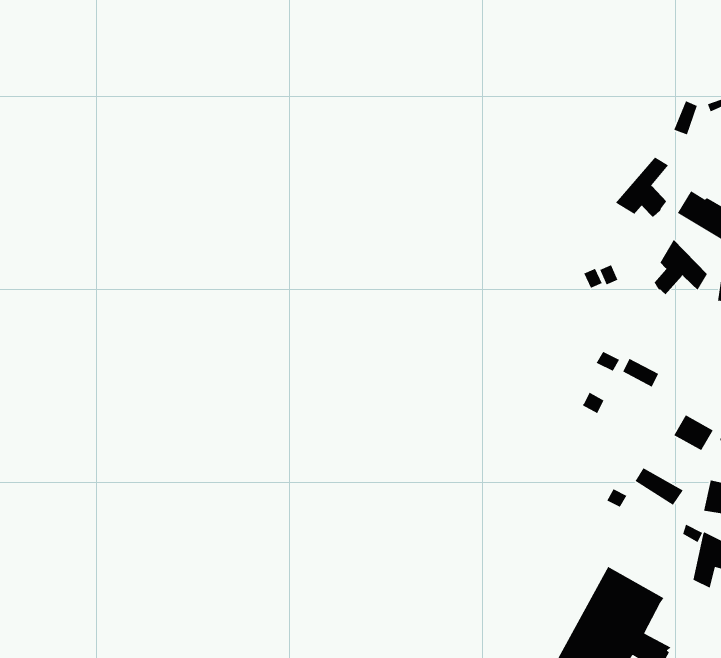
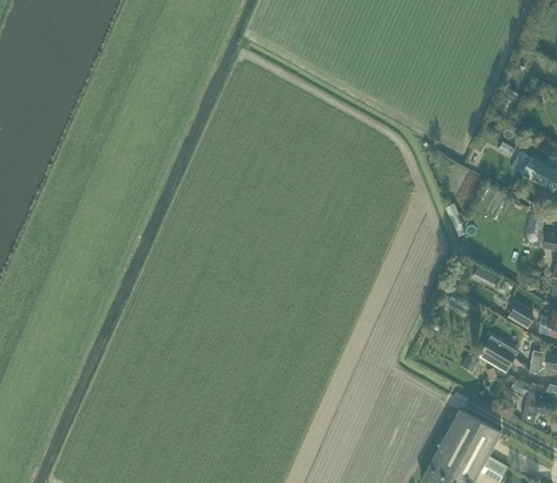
building: [615,157,669,218] -> none
building: [654,239,708,295] -> none

